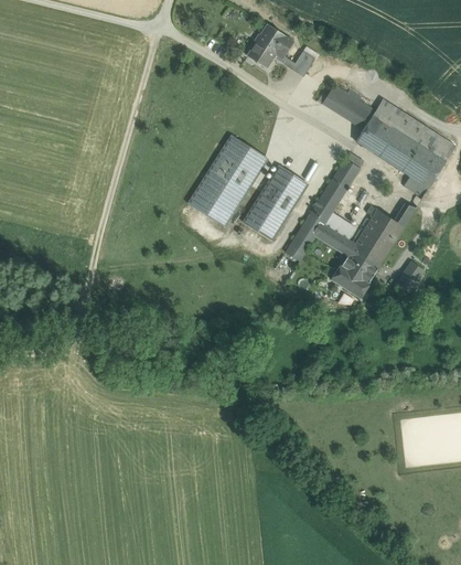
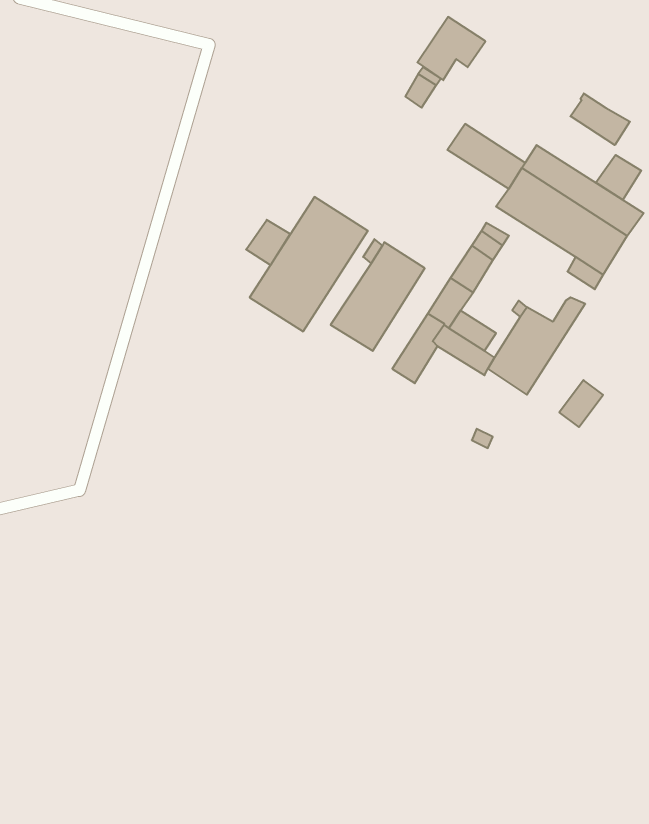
building: [247,24,293,67] -> [417,17,485,80]
building: none -> [570,93,630,145]
building: none -> [596,155,641,200]
building: none -> [246,220,290,265]
building: [331,252,376,298] -> none

